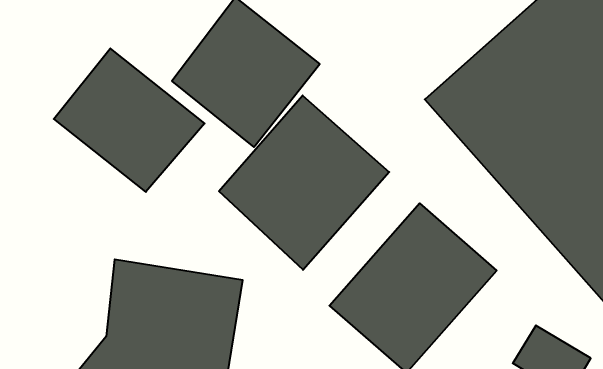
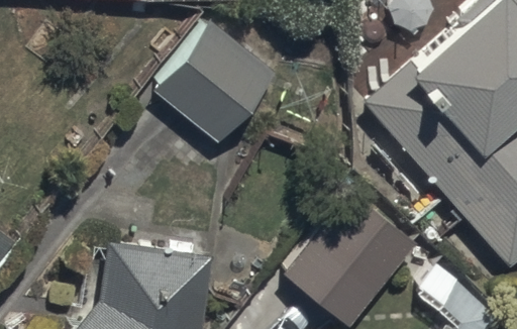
building: [54,48,205,192] -> none
building: [219,95,389,270] -> none

